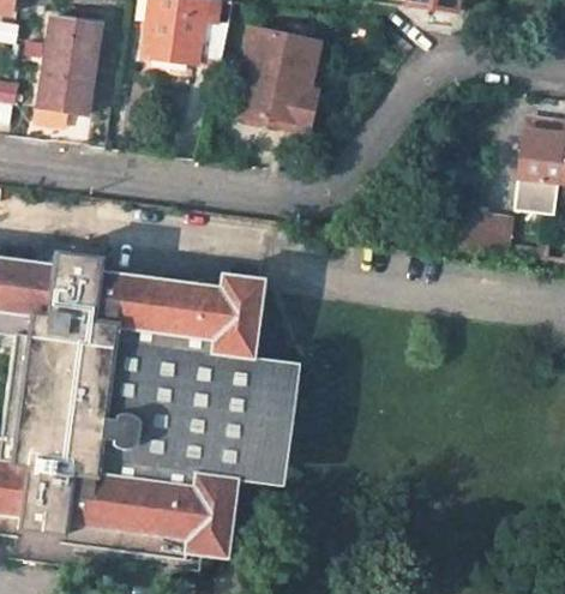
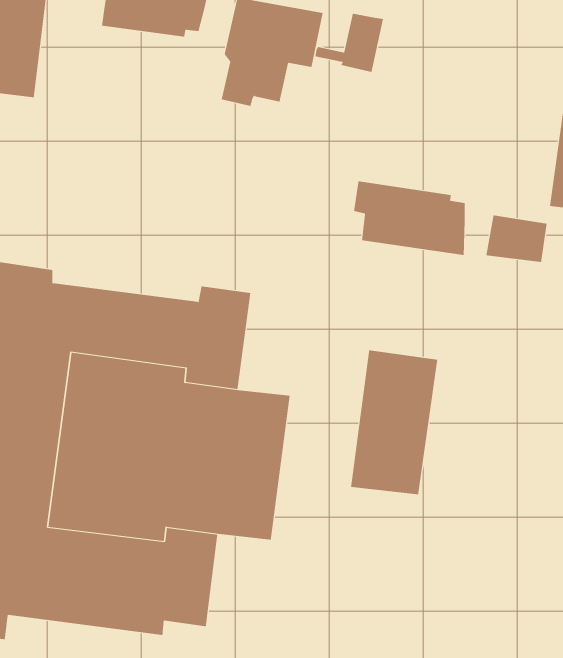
building: [265,85,323,134] -> [314,13,384,72]
building: none -> [354,181,465,256]
building: none -> [350,350,438,495]

